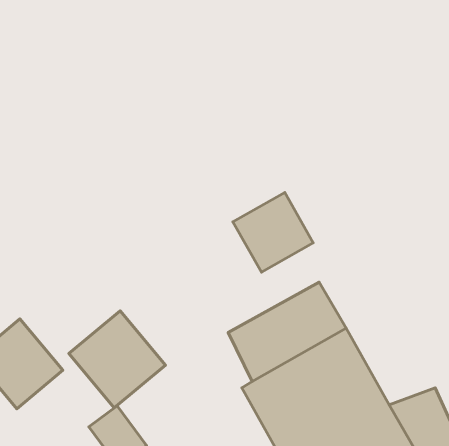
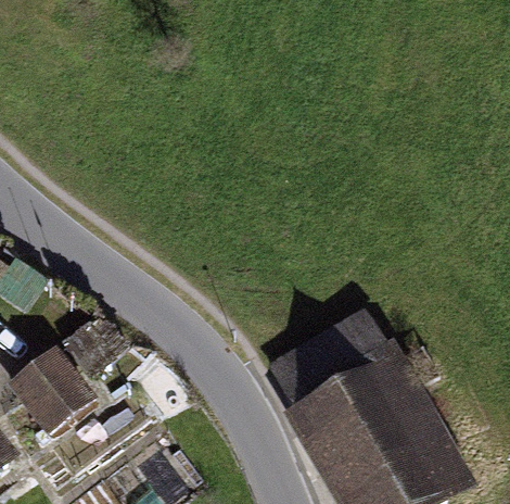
building: [233,192,313,272] -> none
building: [69,311,166,408] -> none

